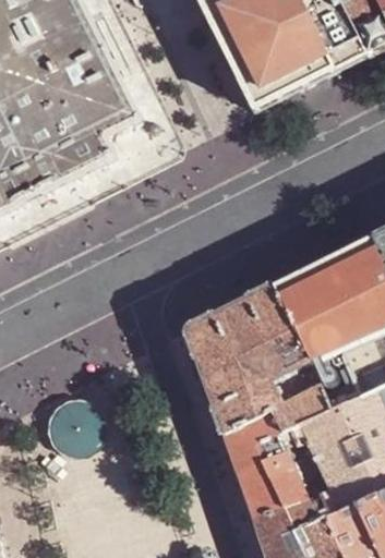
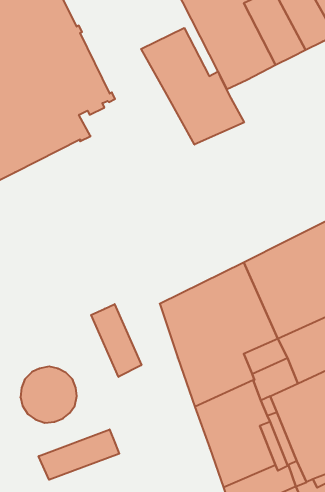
building: none -> [141,28,244,145]
building: none -> [91,304,141,377]
building: none -> [39,429,119,480]

